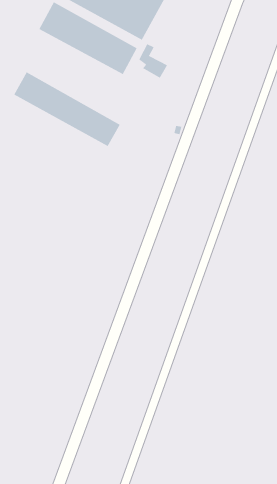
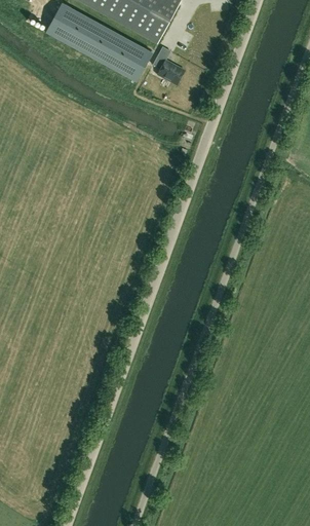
building: [13,71,121,147] -> none

